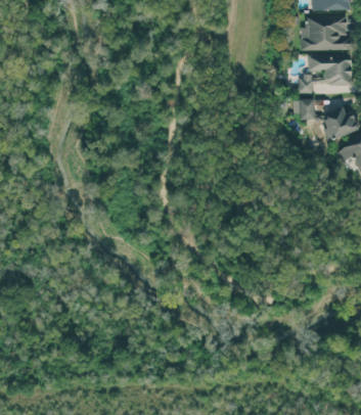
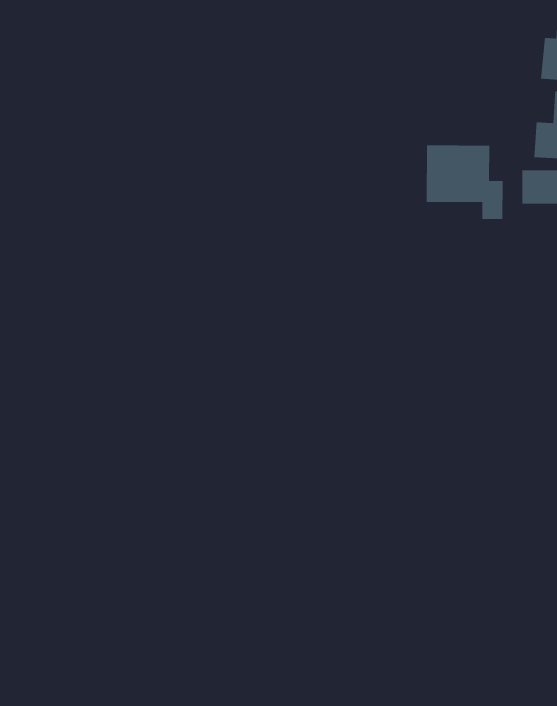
building: none -> [426,145,503,220]

